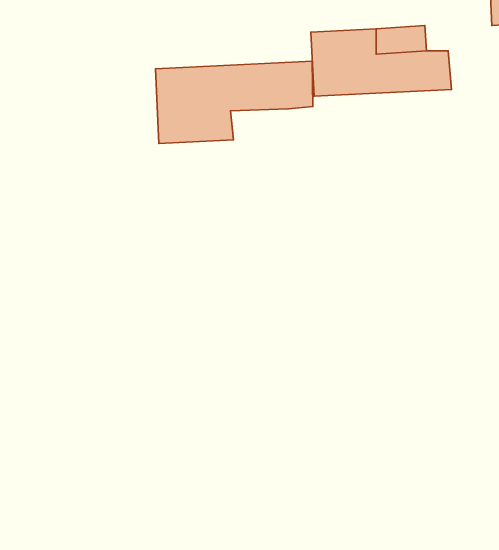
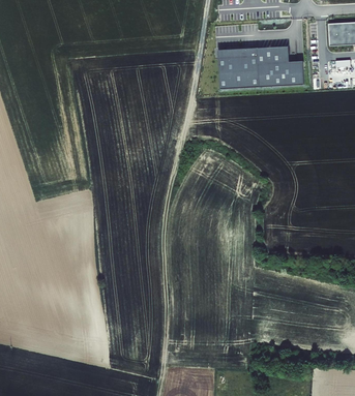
building: [155,61,313,143] -> none

